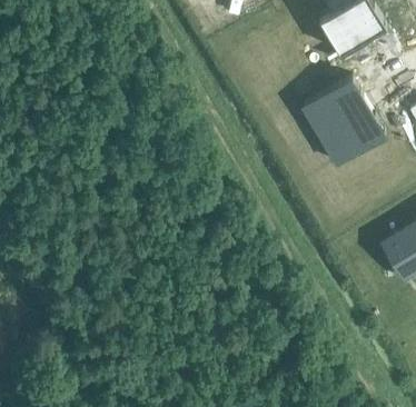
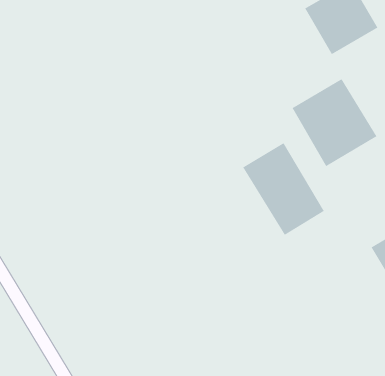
building: none -> [242,142,325,236]

